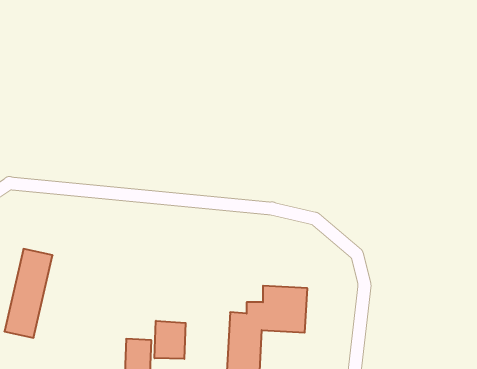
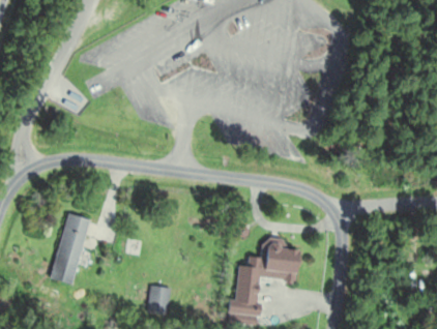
building: [155,321,186,359] -> none

